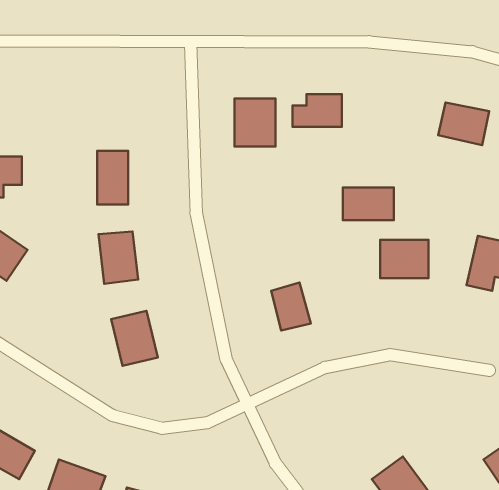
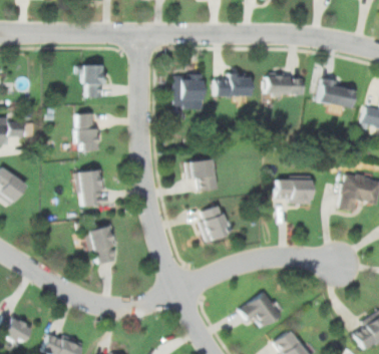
building: none -> [82,65,102,97]
building: [343,188,394,220] -> [266,73,302,96]
building: none -> [191,158,216,192]
building: none -> [241,292,282,328]

